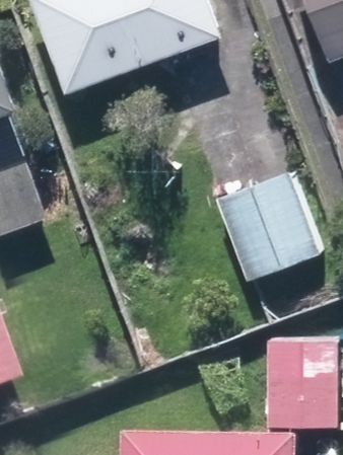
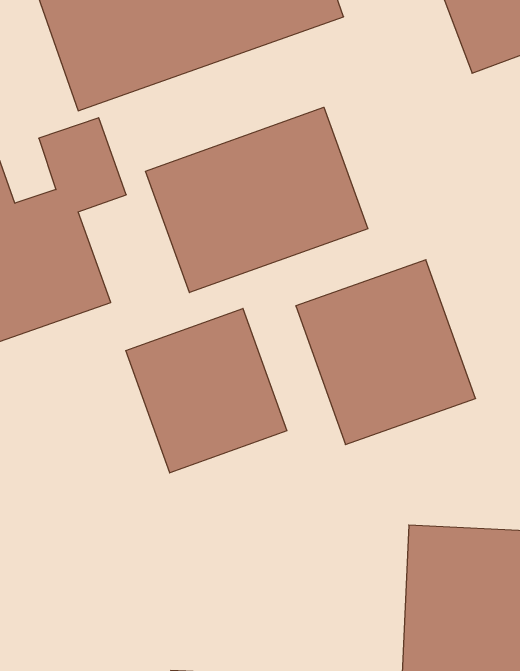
building: none -> [146,107,368,293]
building: none -> [126,308,287,473]

